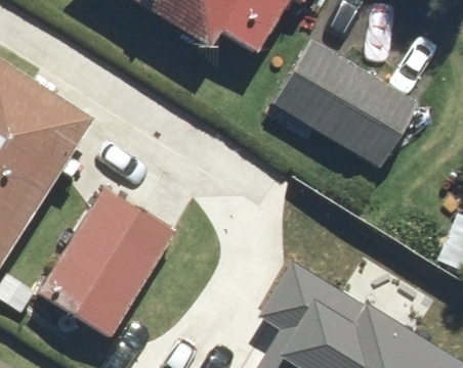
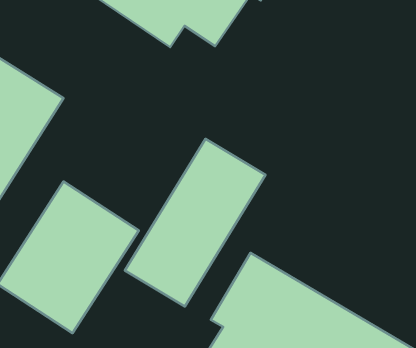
building: [265,37,419,174] -> none
building: none -> [125,139,265,307]

